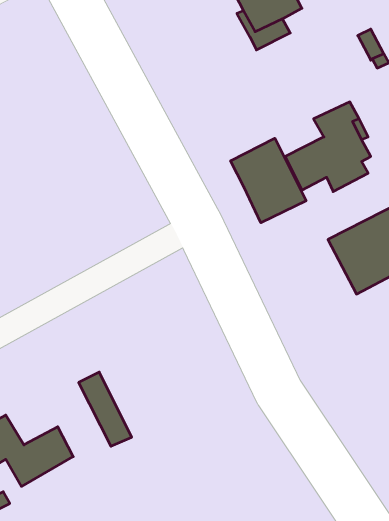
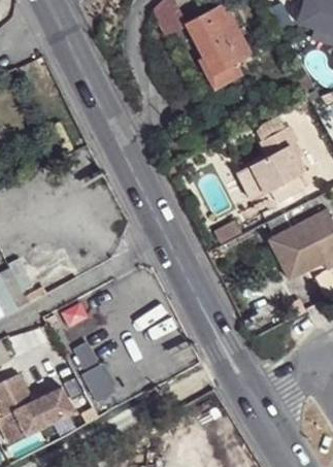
building: [231,138,306,223] -> none

